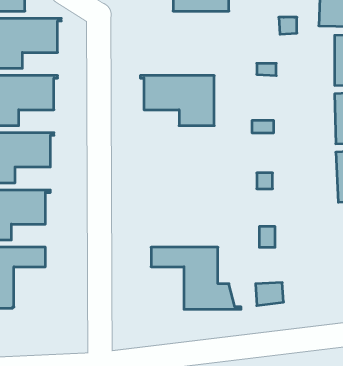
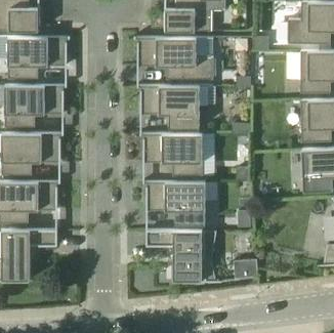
building: none -> [135,37,214,80]
building: none -> [140,133,203,175]
building: none -> [143,181,206,223]

